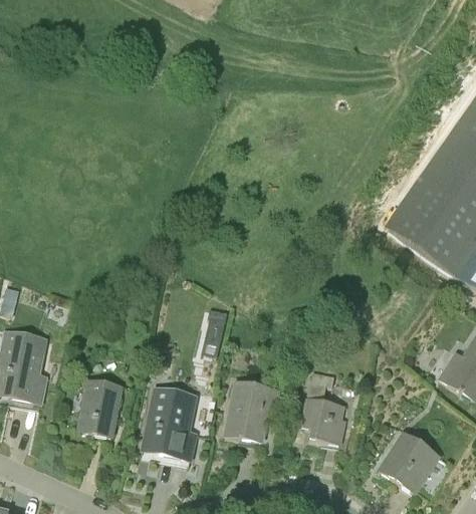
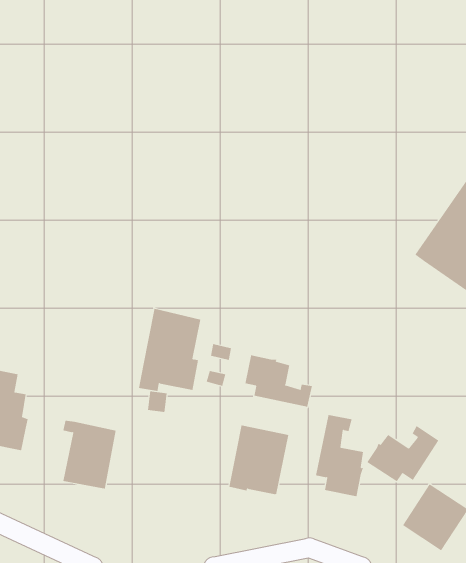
building: none -> [245,355,313,408]
building: none -> [367,425,439,482]
building: [141,386,197,460] -> [138,308,201,392]

